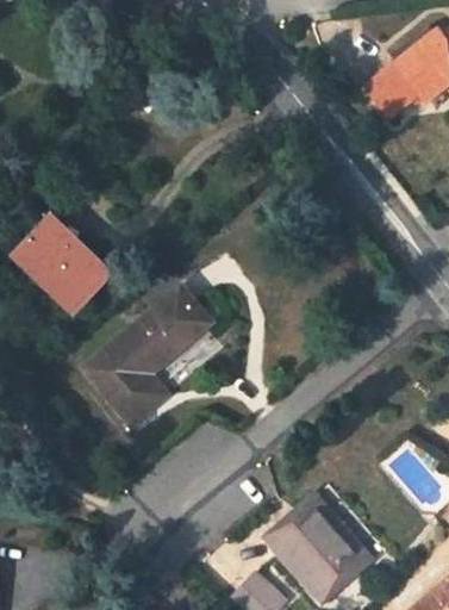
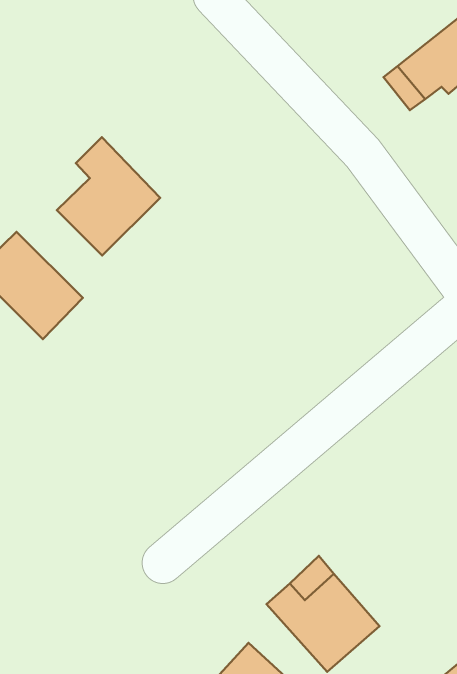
building: none -> [57,137,160,255]
building: [85,290,207,423] -> none

